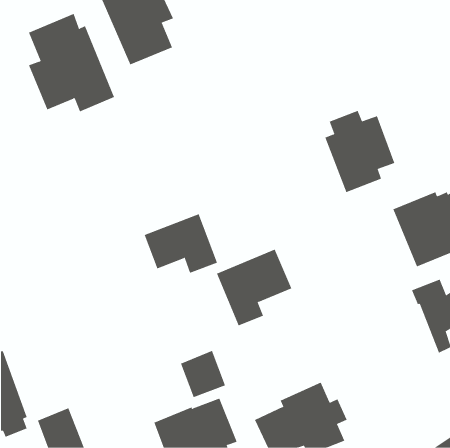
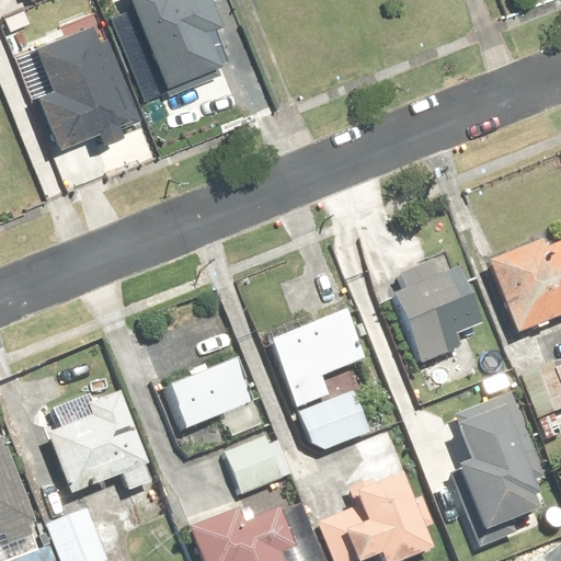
building: [325,110,395,193] -> [392,260,480,363]
building: [144,214,218,273] -> [170,360,262,435]
building: none -> [46,390,153,494]
building: none -> [298,391,368,449]
building: none -> [455,392,543,528]

